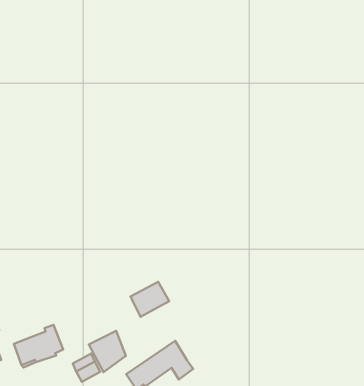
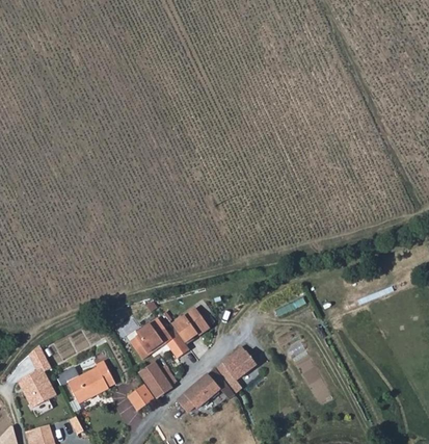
building: none -> [130,317,189,359]
building: none -> [220,347,253,381]

